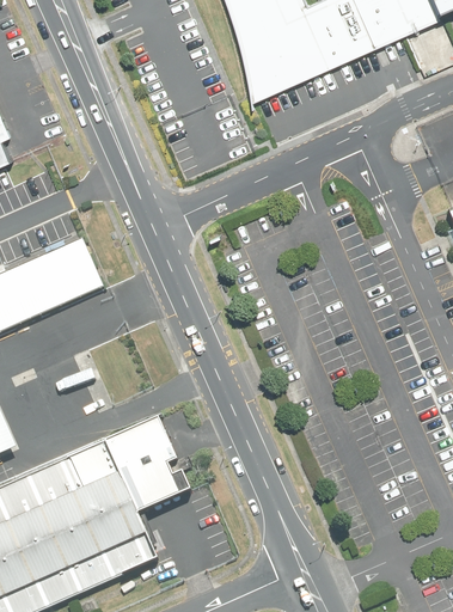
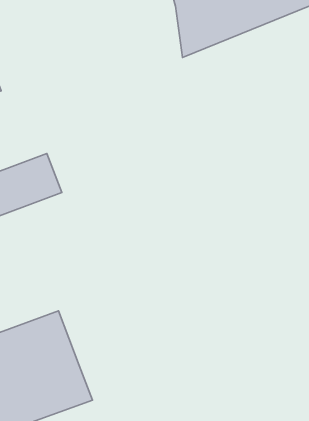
building: [106,420,191,514] -> none

